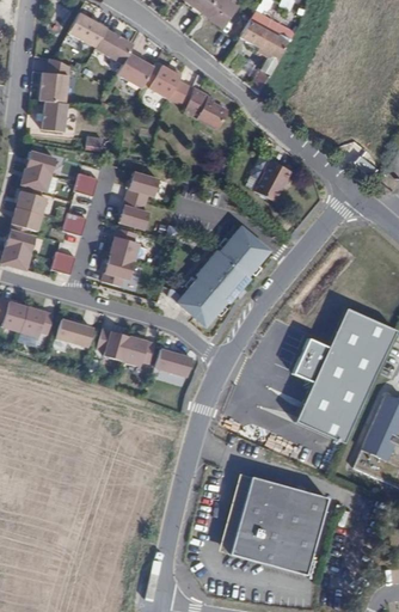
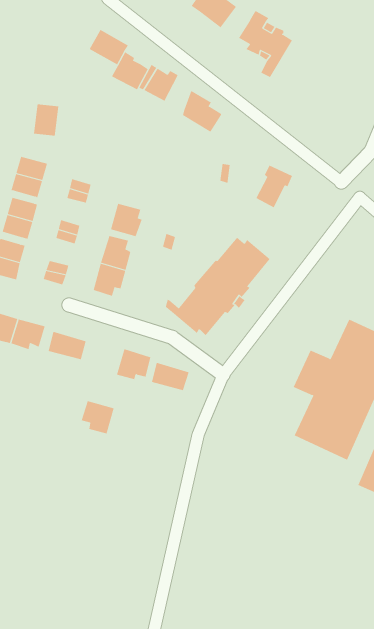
building: [68,12,106,48] -> none
building: [39,59,69,103] -> none
building: [123,171,155,202] -> none
building: [97,329,129,361] -> [81,401,114,434]
building: [228,477,327,576] -> none

